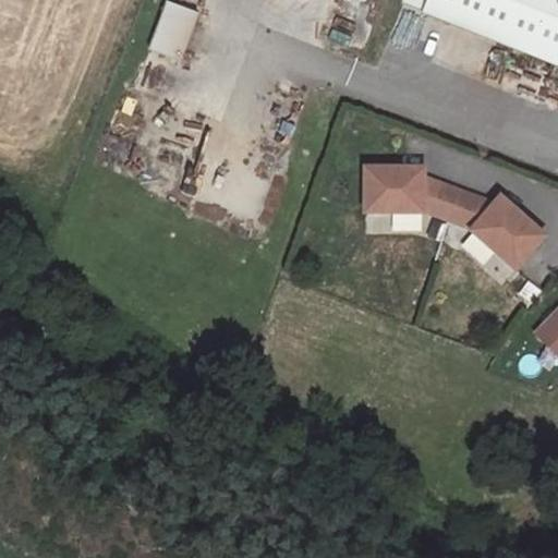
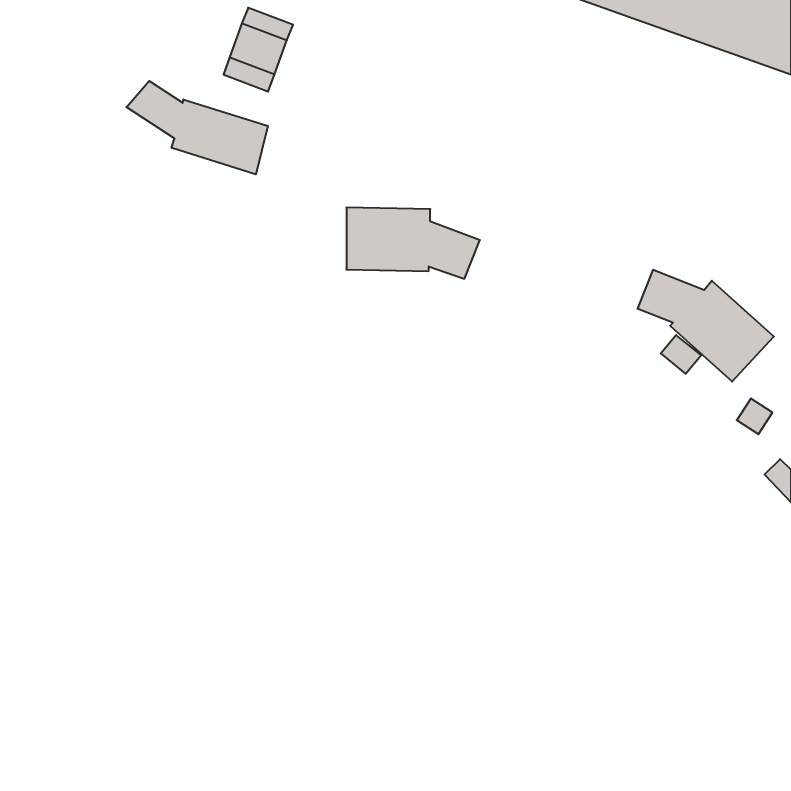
building: none -> [126,81,268,174]
building: [365,167,459,217] -> [346,207,480,279]

